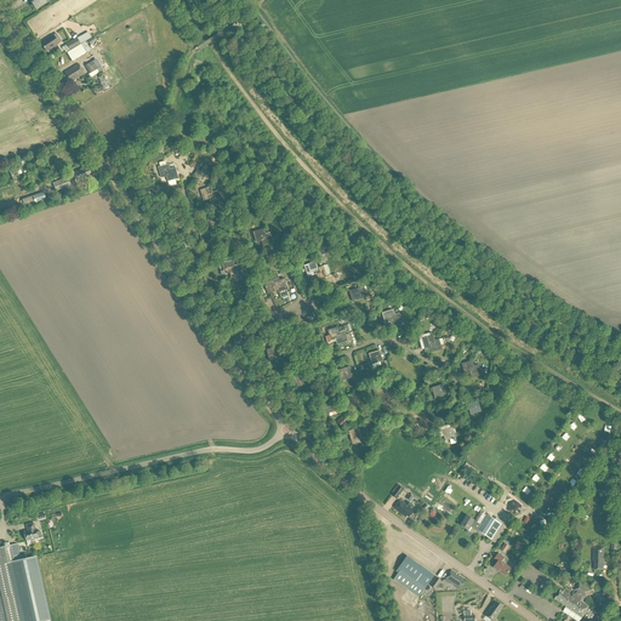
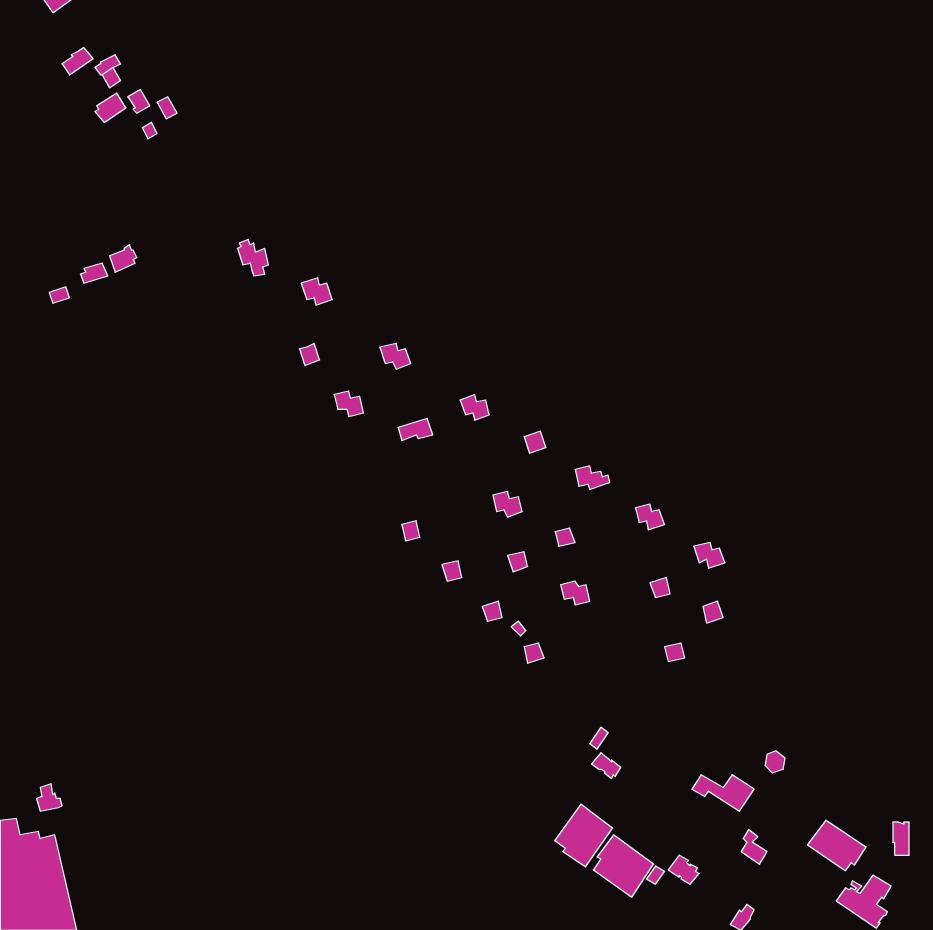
building: none -> [555,804,612,867]
building: none -> [808,820,866,871]

